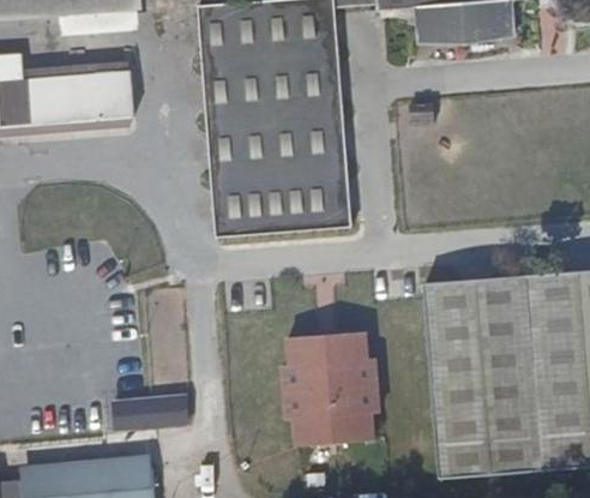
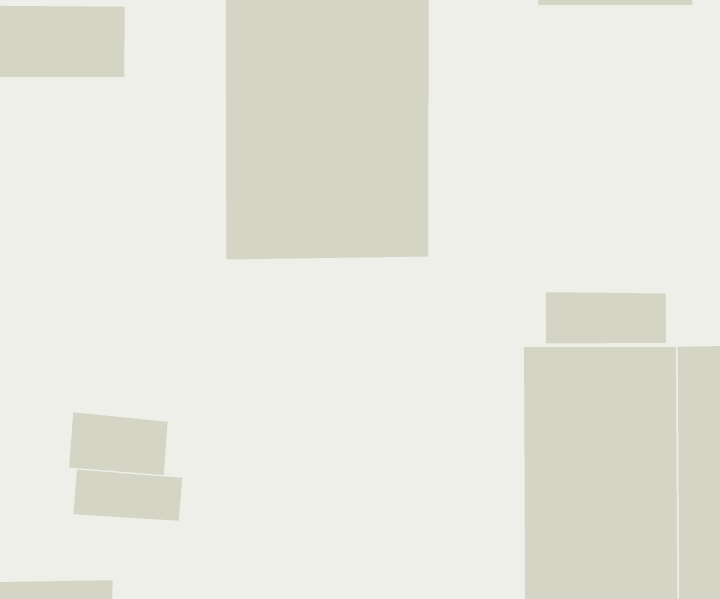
building: none -> [545,292,667,344]
building: [275,331,381,456] -> none
building: none -> [68,412,169,476]

